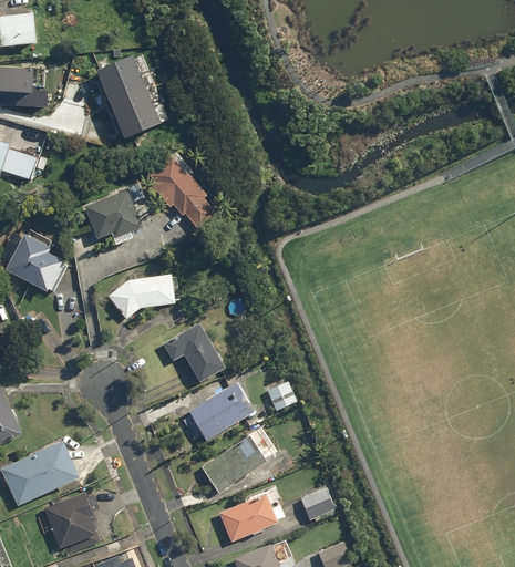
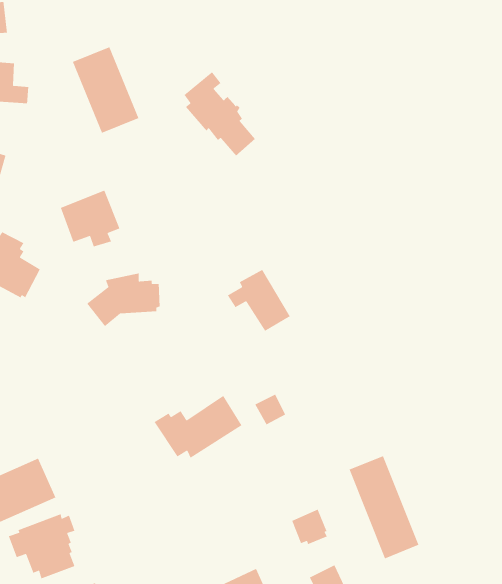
building: [150,151,217,230] -> [184,71,256,157]
building: [166,323,226,382] -> [227,269,291,332]
building: [202,435,266,493] -> none
building: none -> [348,455,420,559]
building: [219,488,285,542] -> none

